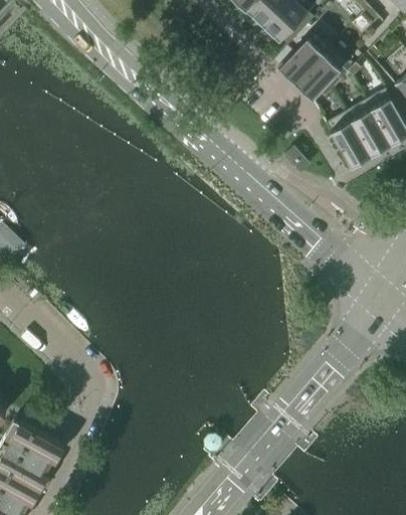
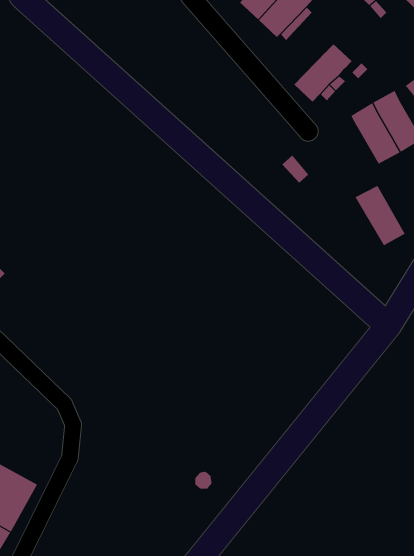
building: [277,29,330,82] -> none
building: [324,111,370,166] -> [354,185,406,246]

